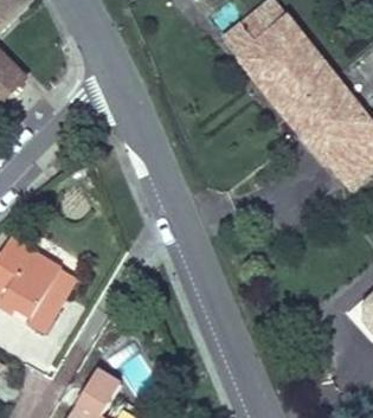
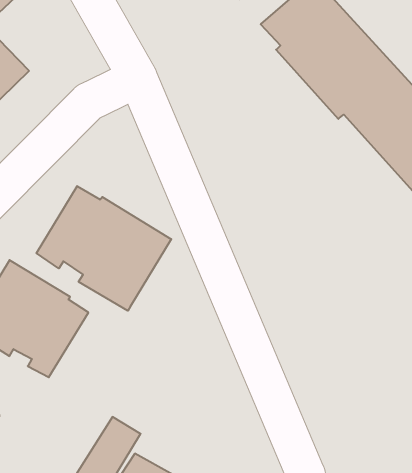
building: none -> [36,186,171,311]

